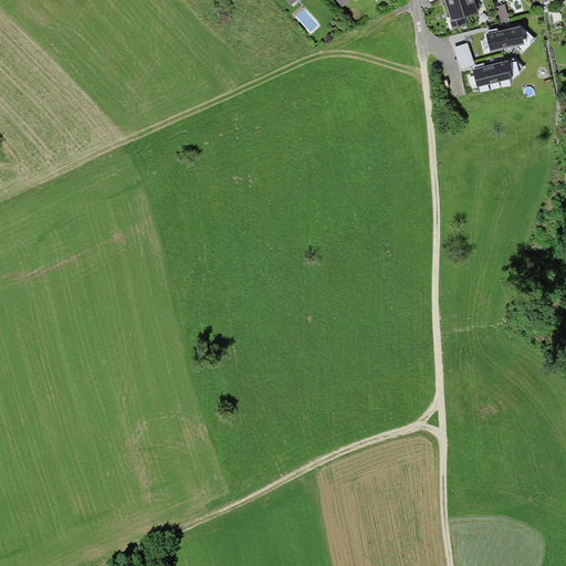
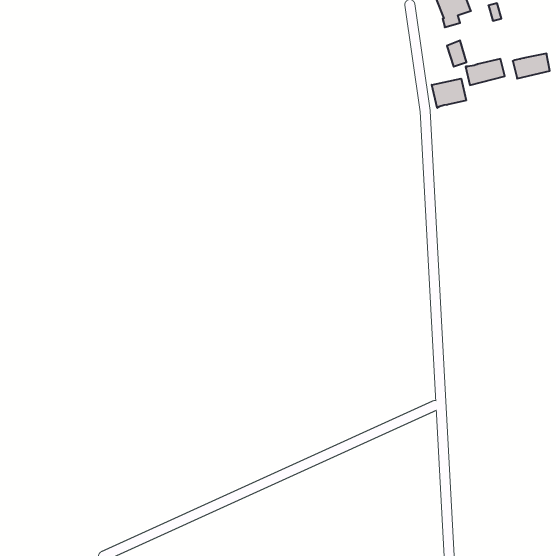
building: [485,25,523,51] -> [513,54,550,79]
building: none -> [432,79,466,108]

